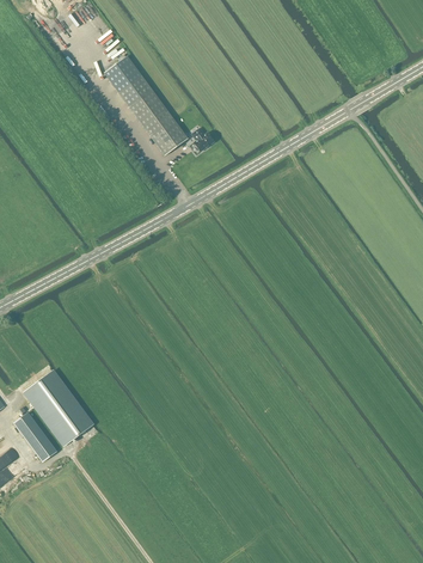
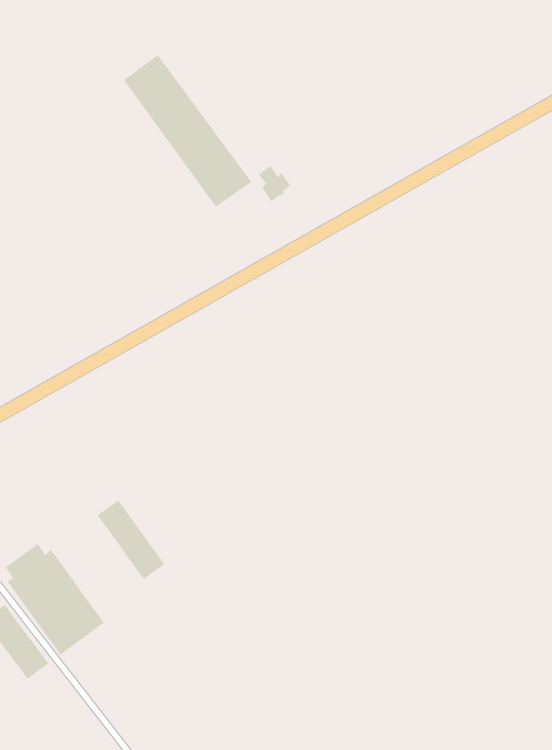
building: none -> [97,500,165,580]

